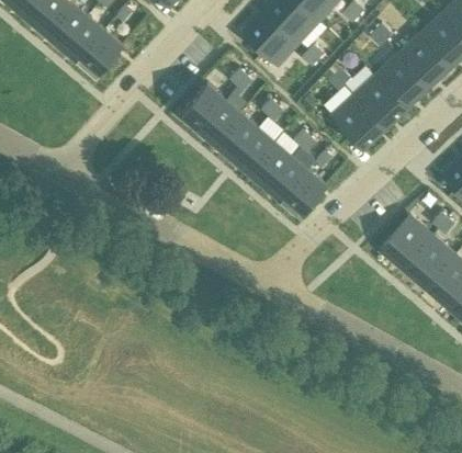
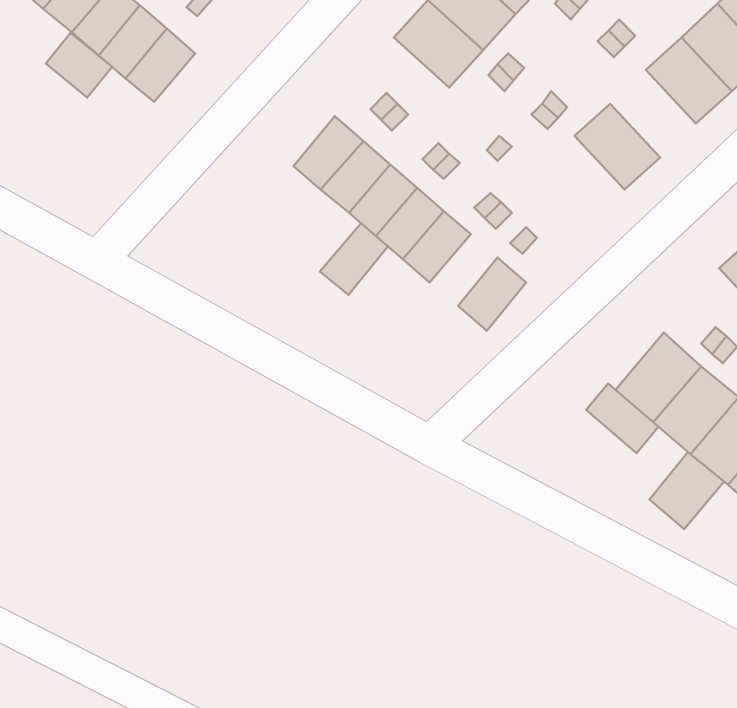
building: none -> [46,33,112,98]
building: [378,53,430,106] -> none
building: [333,93,386,147] -> none
building: [267,154,308,197] -> [320,223,388,295]
building: none -> [586,384,659,453]
building: none -> [650,452,724,529]

